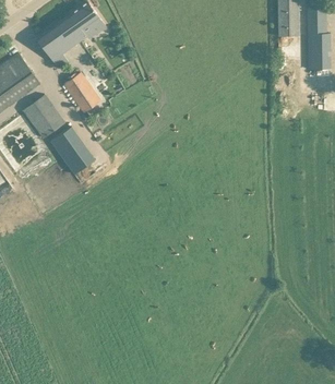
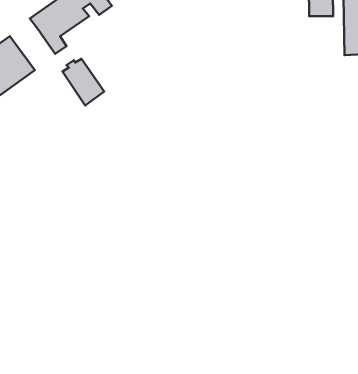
building: [23,95,64,139] -> none
building: [50,127,96,176] -> none

